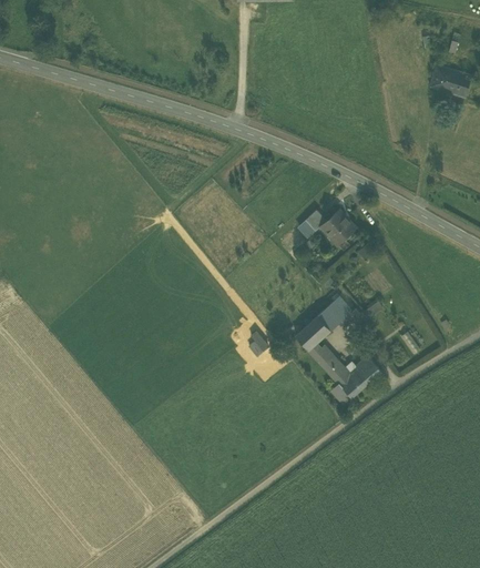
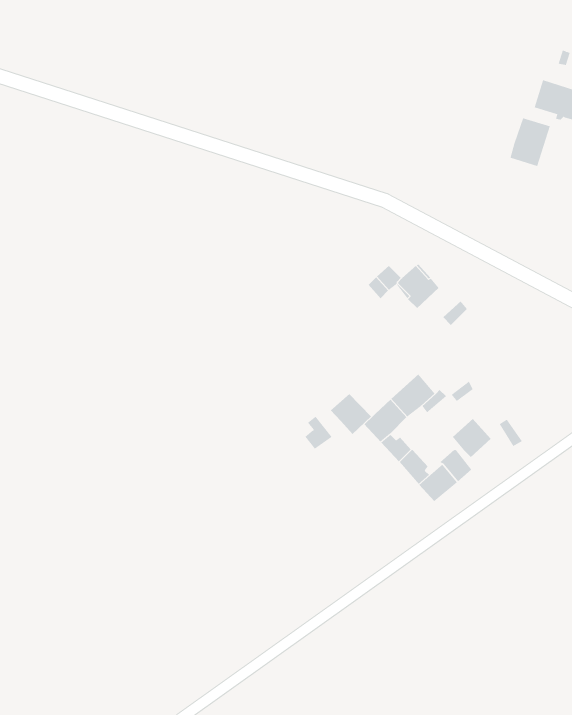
building: none -> [510,117,551,167]
building: none -> [330,393,372,435]
building: none -> [452,418,492,458]

